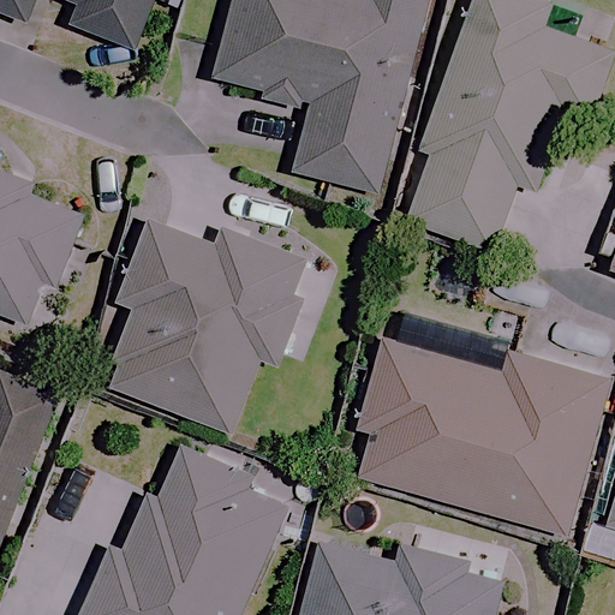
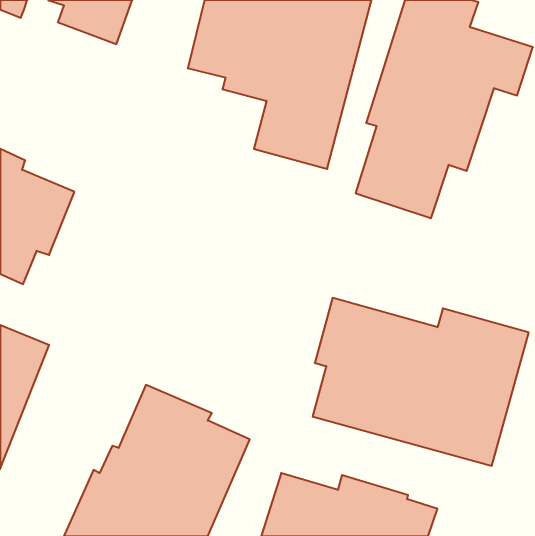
building: [107,227,300,431] -> none

